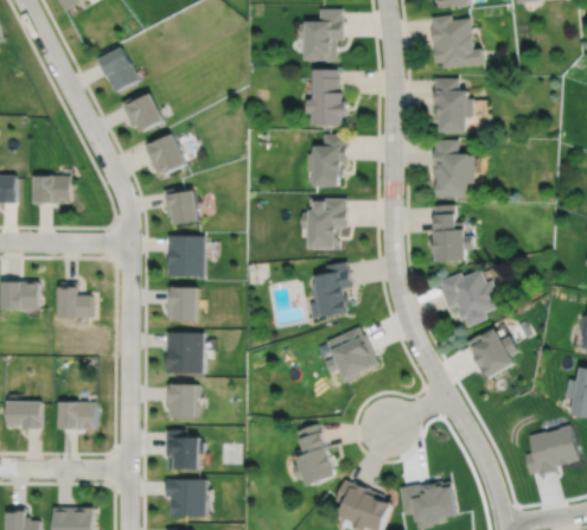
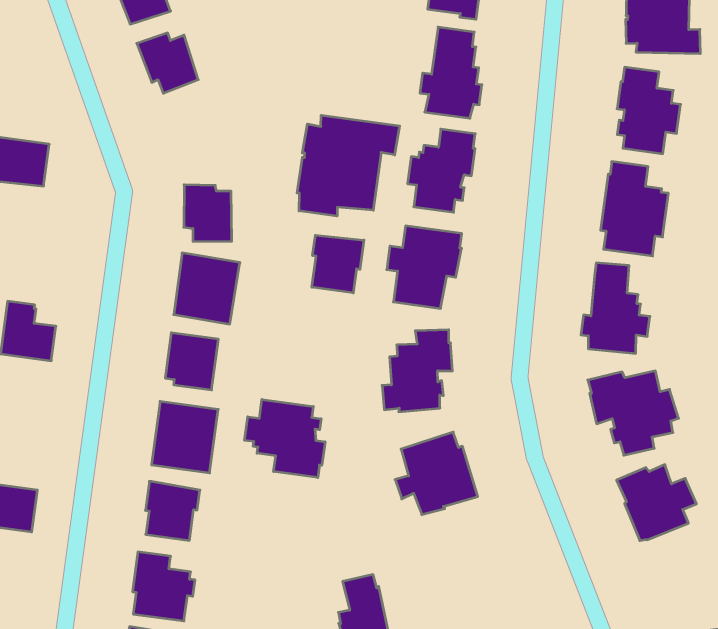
building: none -> [297,115,400,216]
building: [143,136,186,178] -> none
building: none -> [312,235,364,293]
building: none -> [245,399,325,478]

